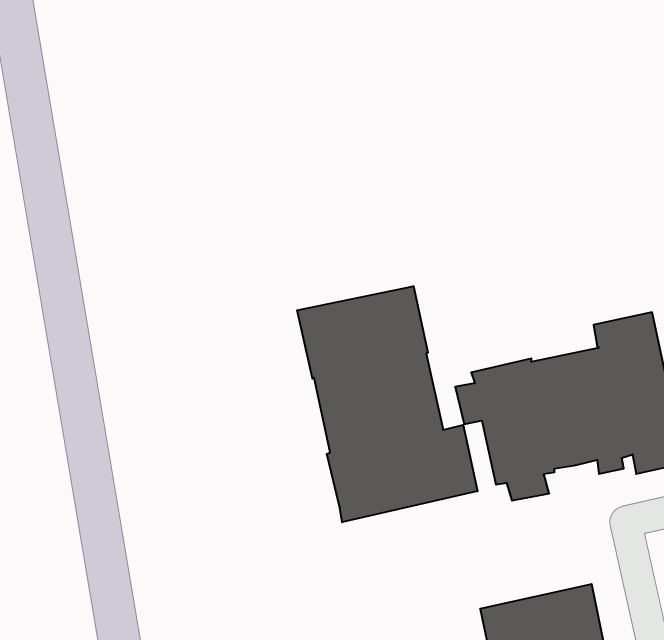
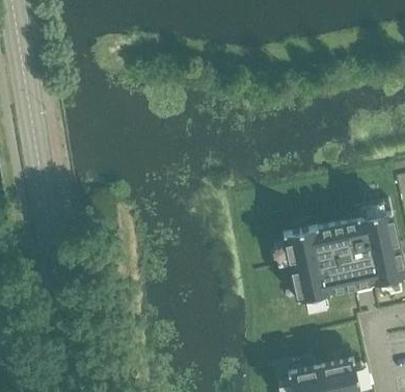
building: [297,286,478,522] -> none

